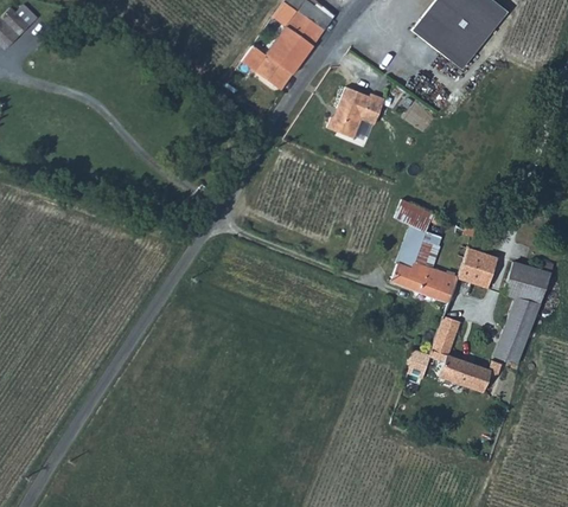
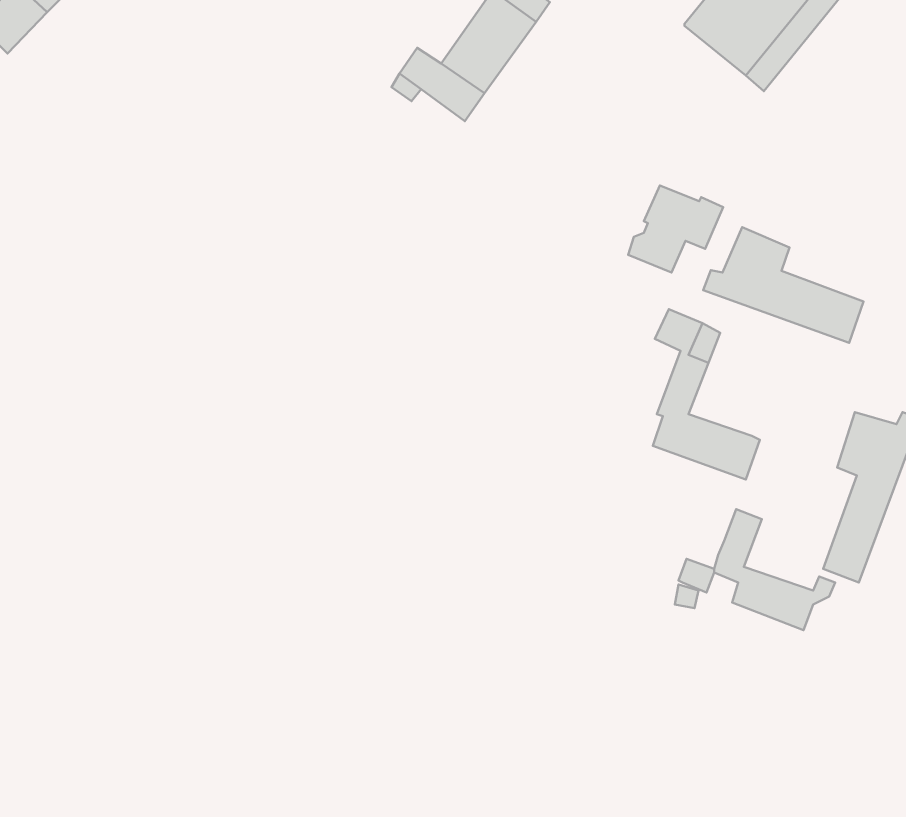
building: [326,85,383,137] -> [628,185,723,273]
building: none -> [703,227,864,343]
building: [458,246,499,288] -> none

